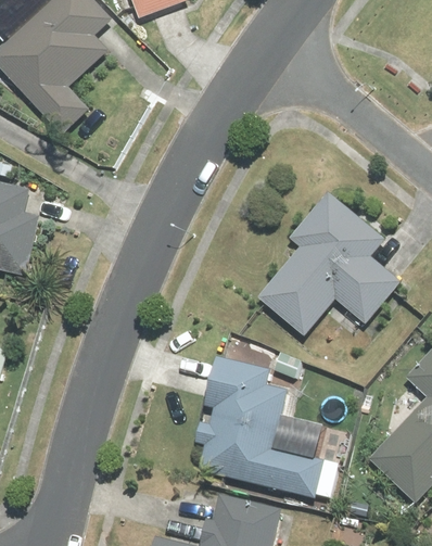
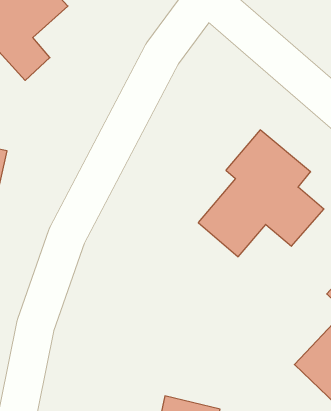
building: [194,355,323,497] -> none

